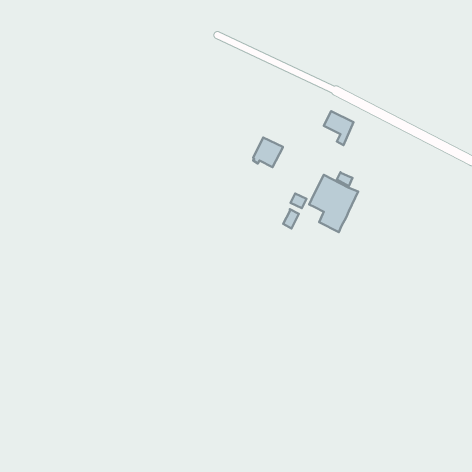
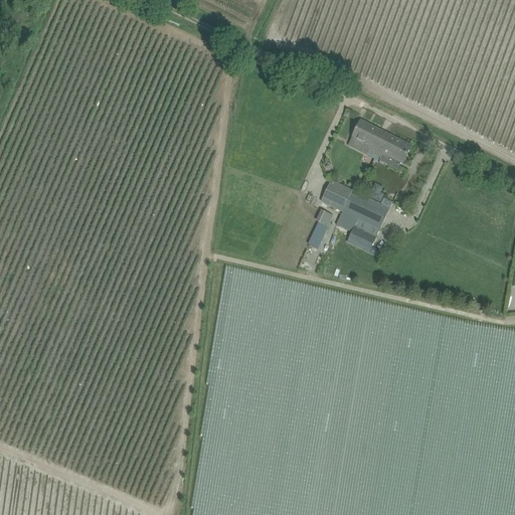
building: none -> [373,133,410,162]
building: [253,137,283,167] -> [320,179,352,211]

